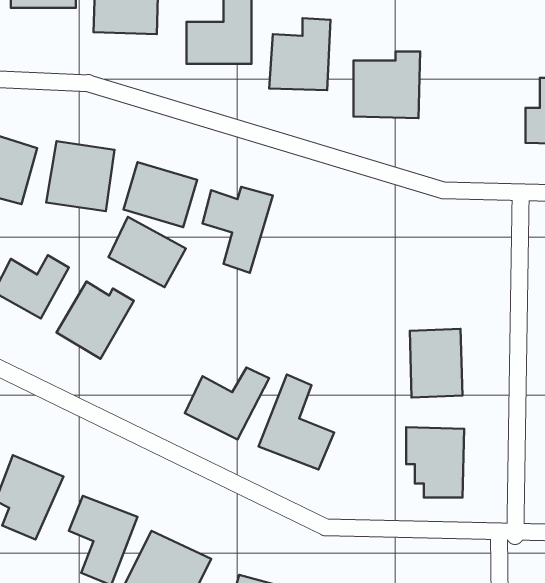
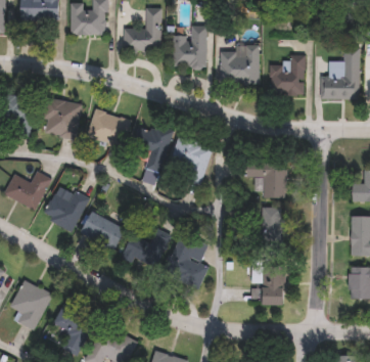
building: none -> [271,55,306,96]
building: none -> [169,136,213,184]
building: [108,217,186,287] -> [81,212,126,253]
building: none -> [247,163,287,199]

